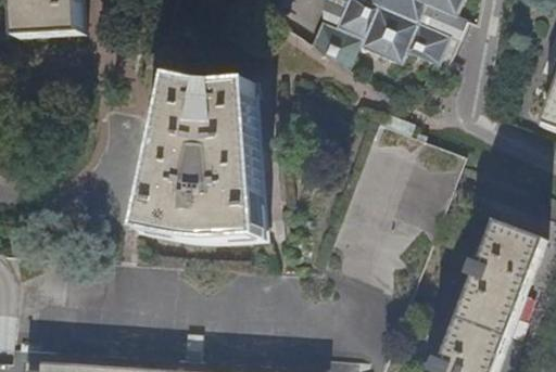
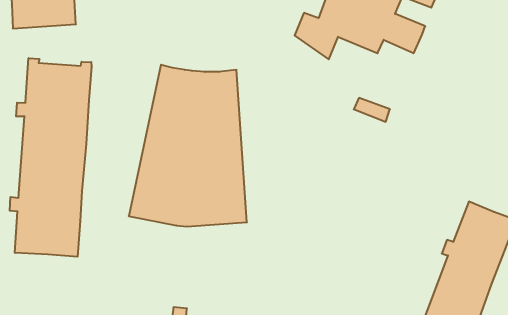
building: none -> [10,58,91,257]

